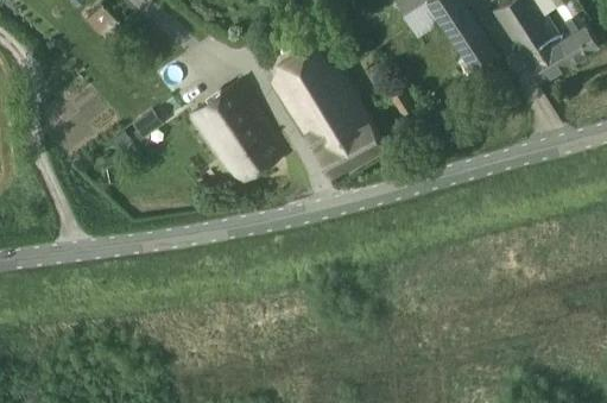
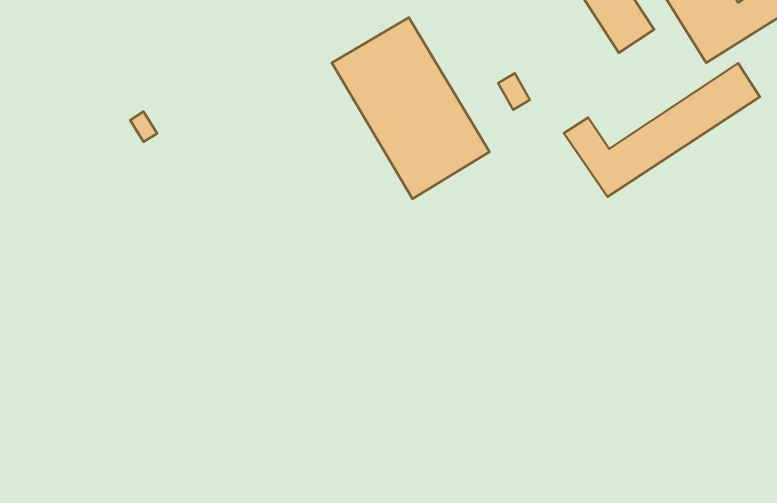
building: [191,82,286,184] -> none
building: none -> [564,63,760,197]

